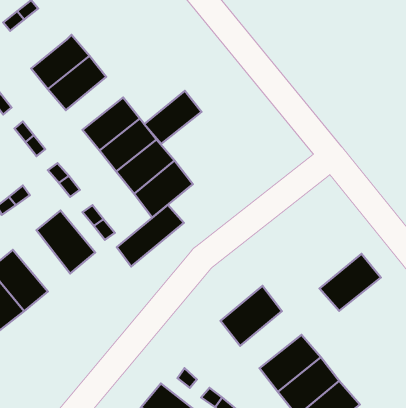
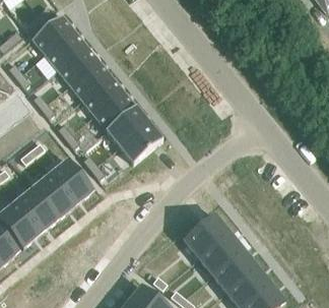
building: none -> [34,15,75,56]
building: [144,91,201,144] -> [71,62,113,101]
building: [117,205,184,267] -> none
building: none -> [32,174,74,219]
building: [320,254,381,311] -> [198,233,243,274]

